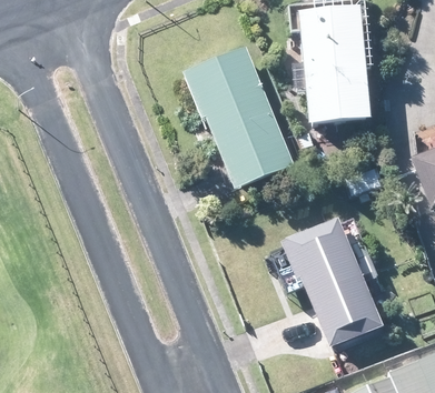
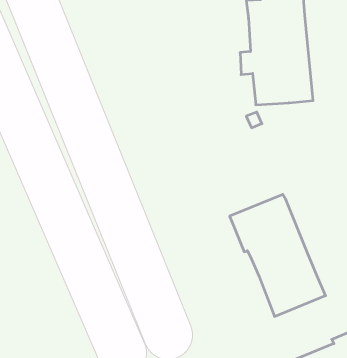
building: [184,46,296,189] -> none

